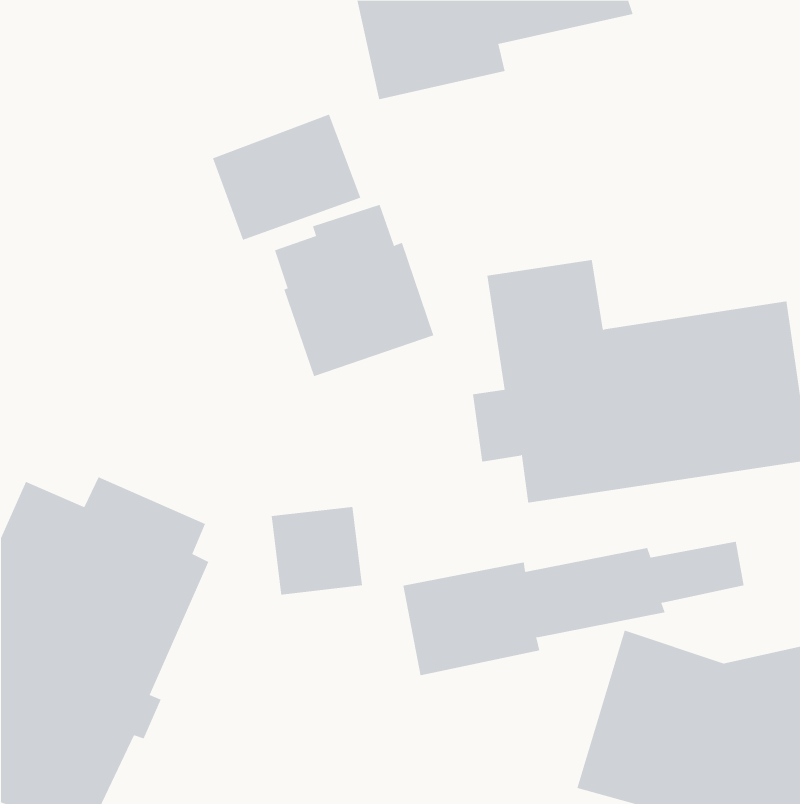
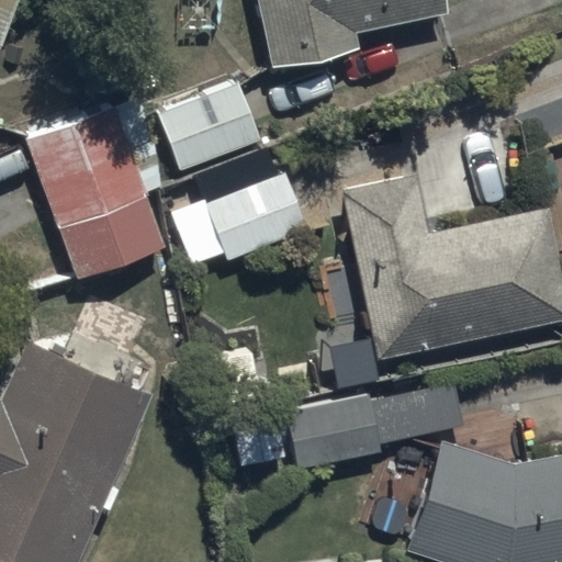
building: none -> [25,108,162,279]

